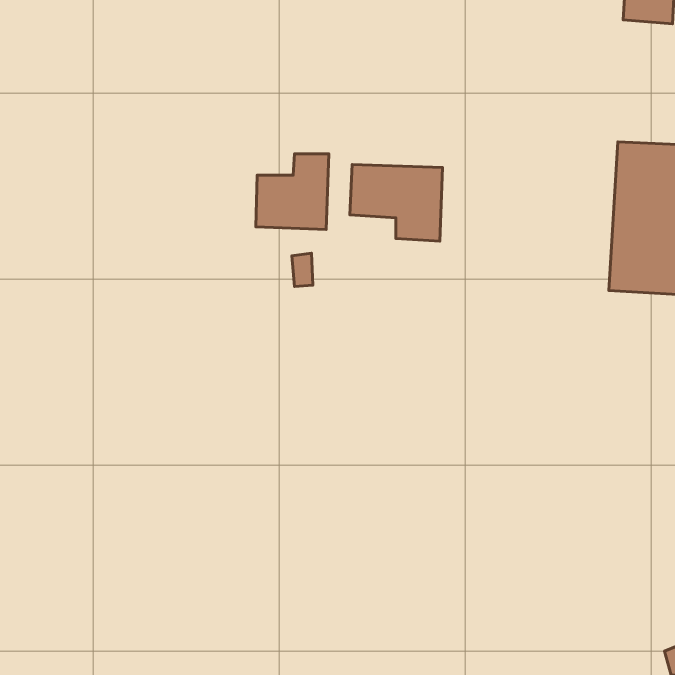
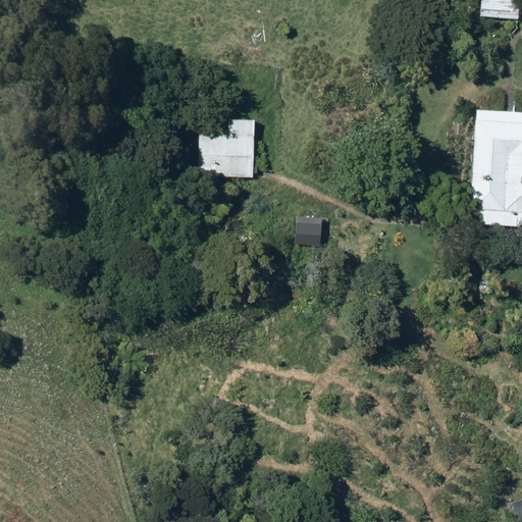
building: [350,164,443,241] -> none

